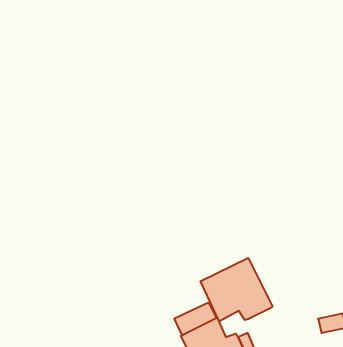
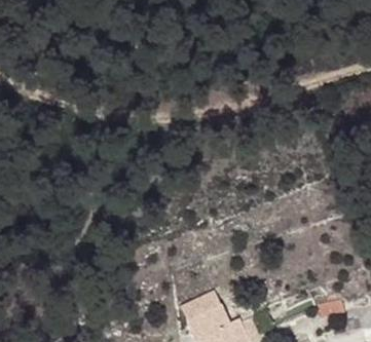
building: [201,258,272,321] -> none

